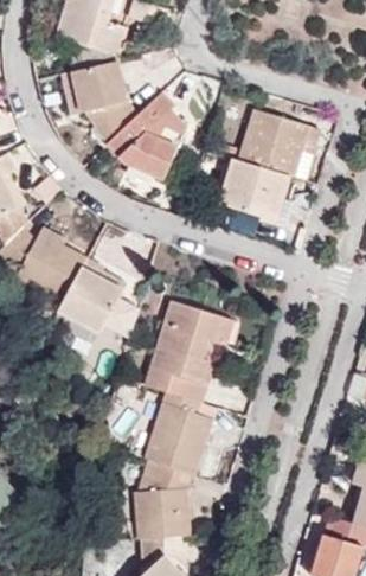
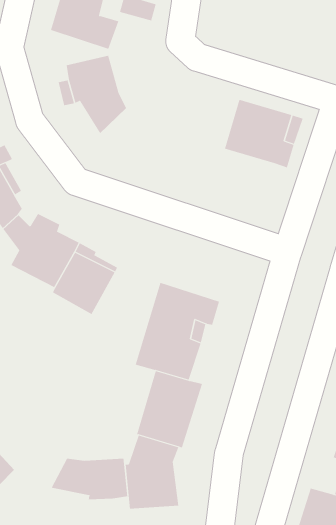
building: [108,92,187,180] -> none
building: [219,159,290,220] -> none
building: none -> [51,458,128,500]

